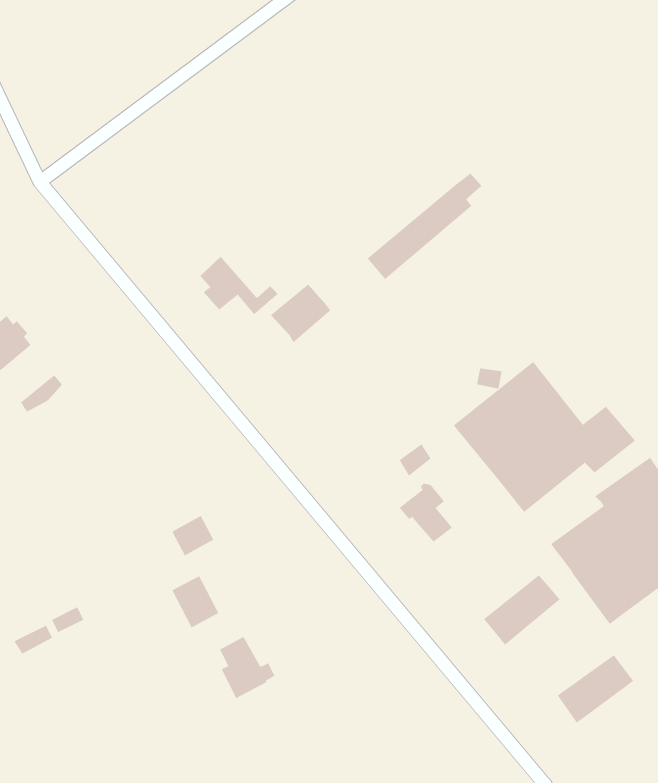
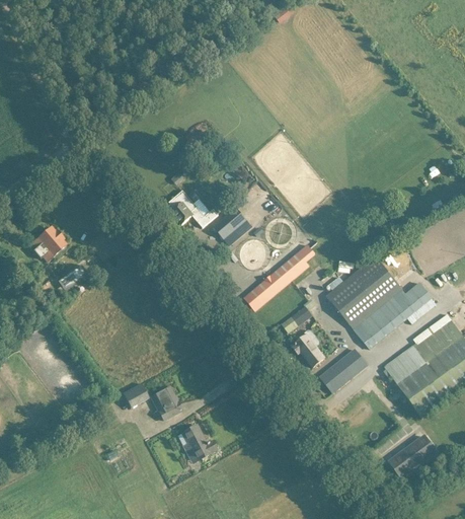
building: [367,173,482,280] -> [243,244,314,310]
building: [171,515,214,556] -> [122,381,148,406]
building: [483,575,561,645] -> [319,349,367,392]

